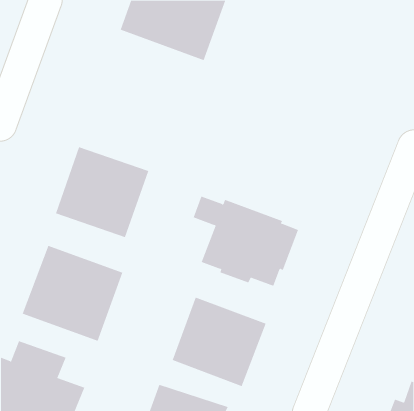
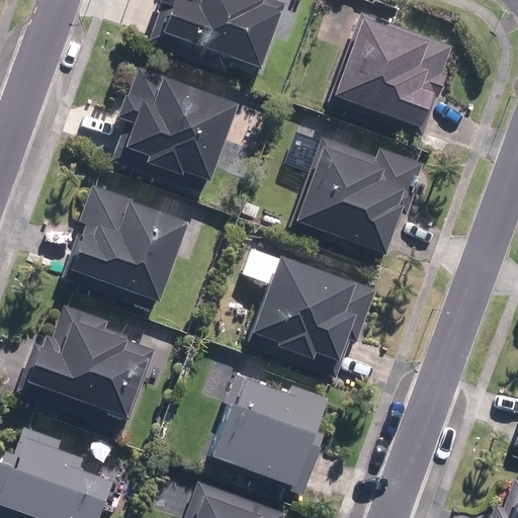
building: none -> [336,16,449,124]
building: none -> [112,71,237,194]
building: none -> [292,139,419,254]

